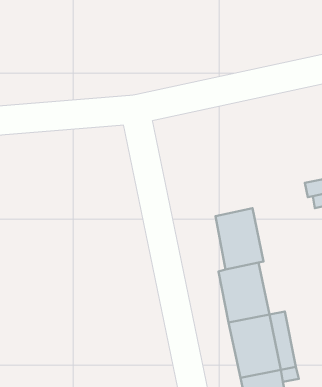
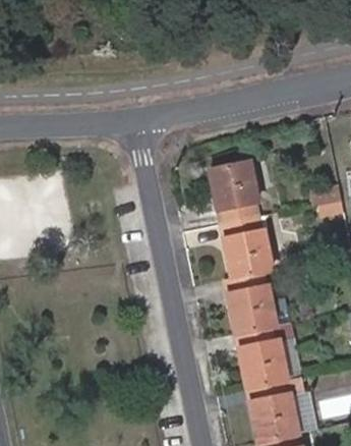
building: none -> [211,165,259,226]

